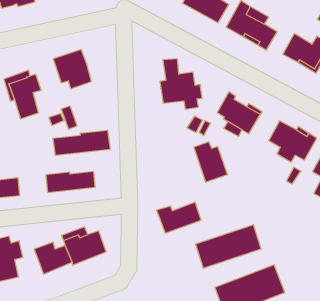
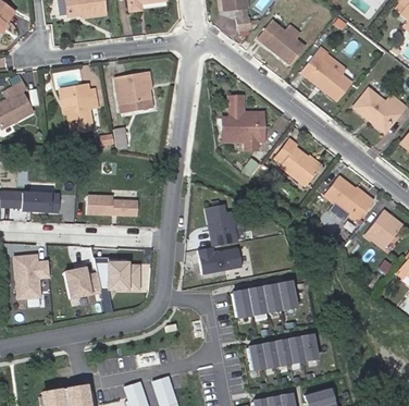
building: [53,130,110,155] -> none
building: [194,142,228,182] -> [206,206,236,247]

